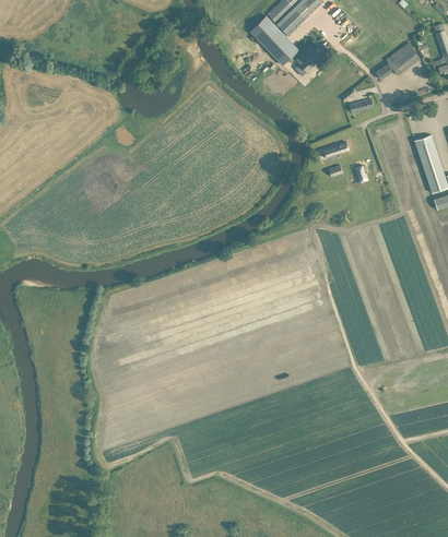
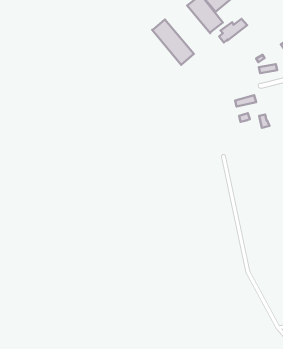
building: none -> [152,20,194,65]

